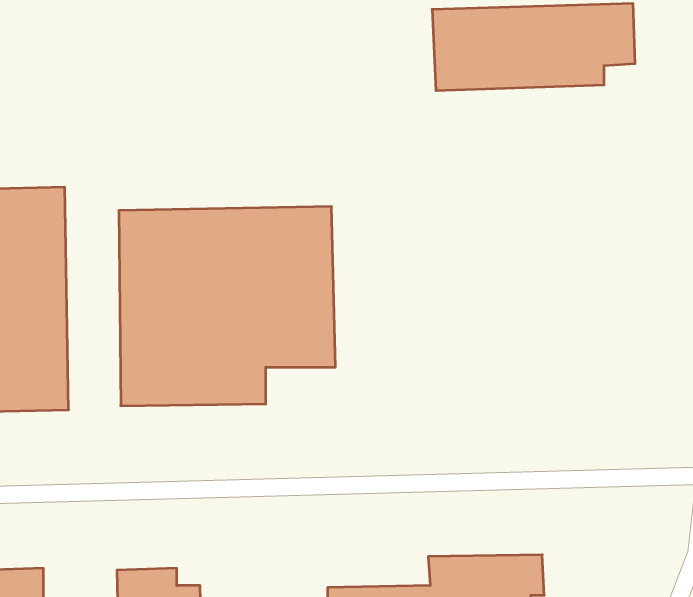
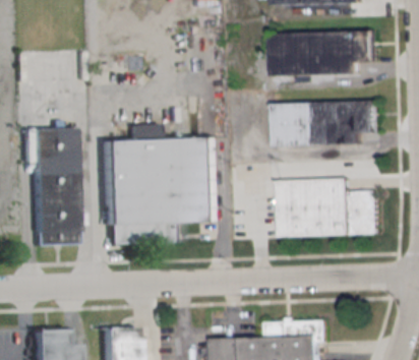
building: none -> [268,102,375,147]
building: none -> [278,178,377,236]

